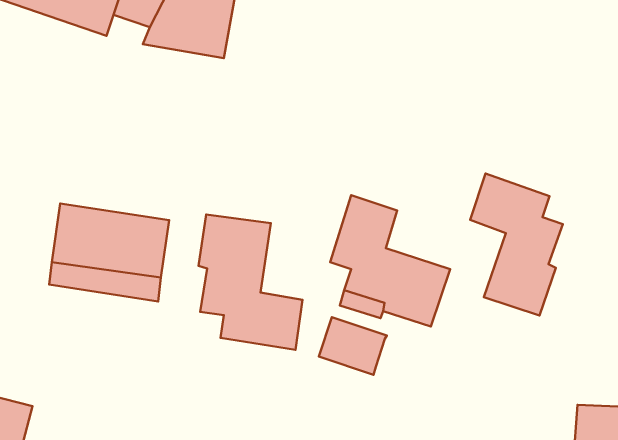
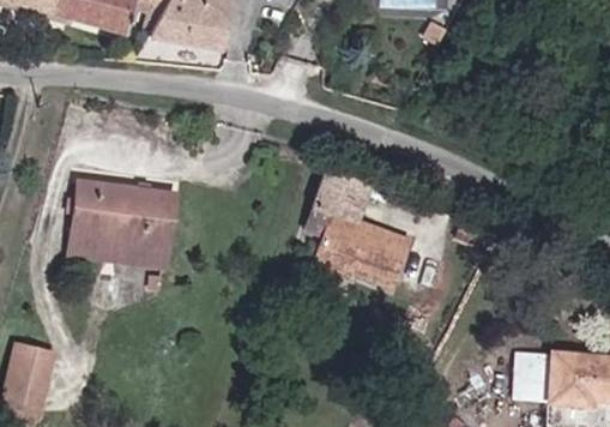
building: [470,174,563,315] -> none
building: [198,214,302,350] -> none
building: [319,317,387,375] -> none

